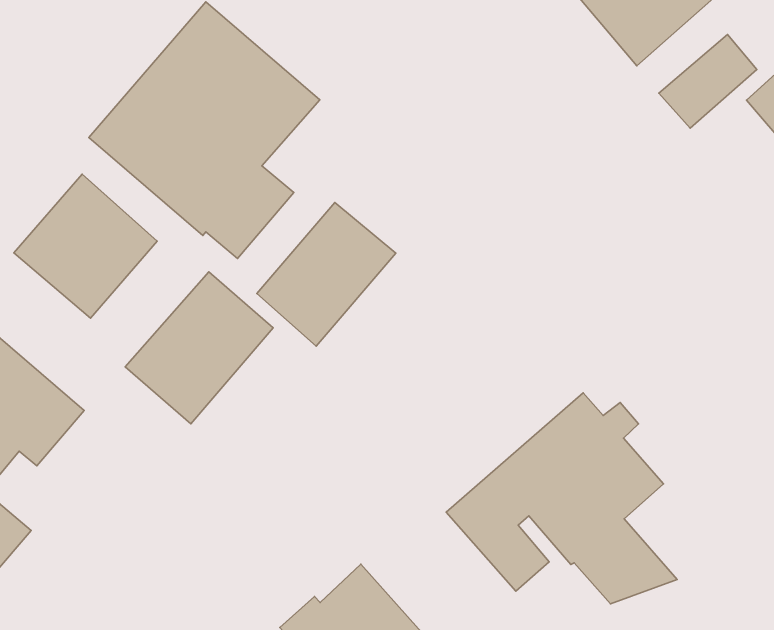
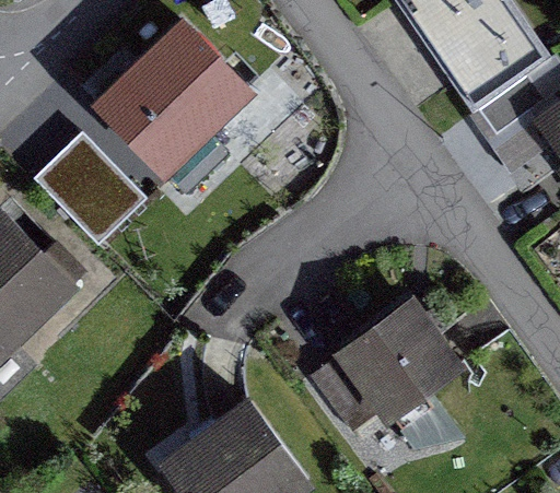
building: [257,203,396,346] -> none
building: [125,272,273,424] -> none

